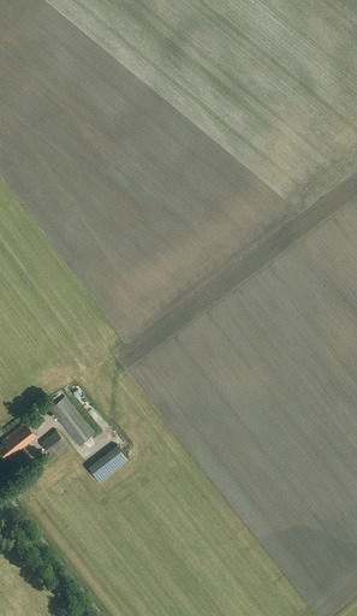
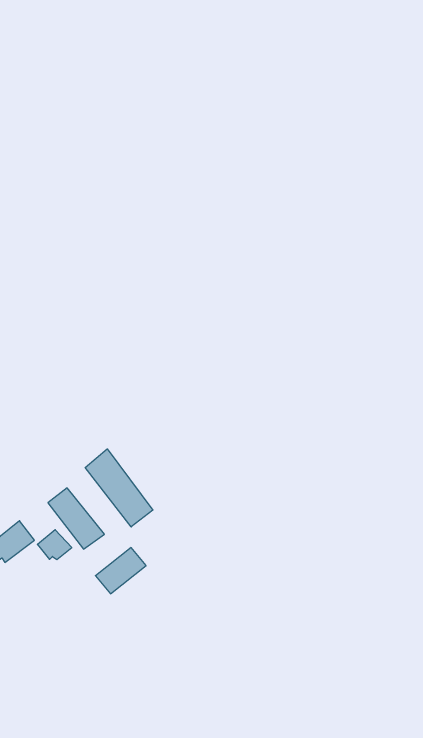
building: none -> [85,449,153,527]

